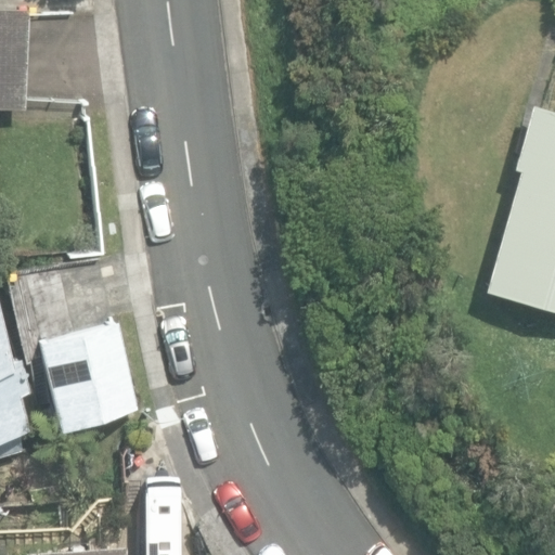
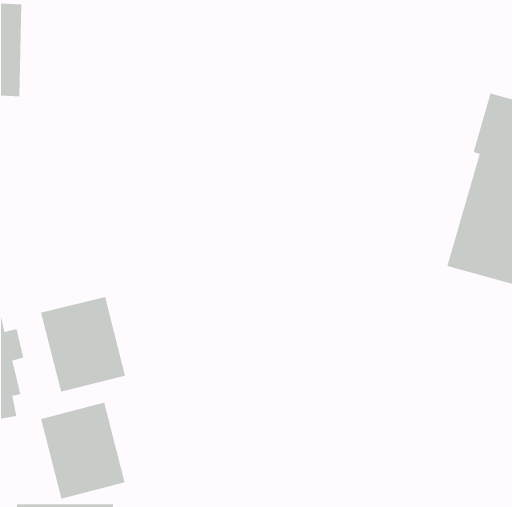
building: none -> [41,402,125,499]

